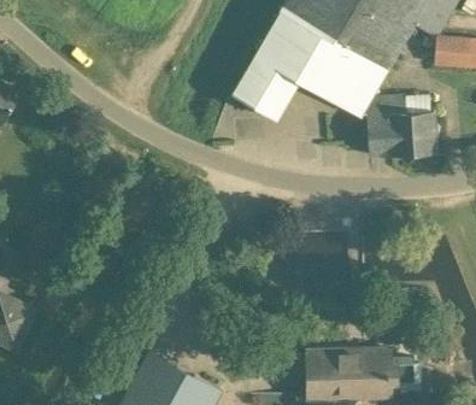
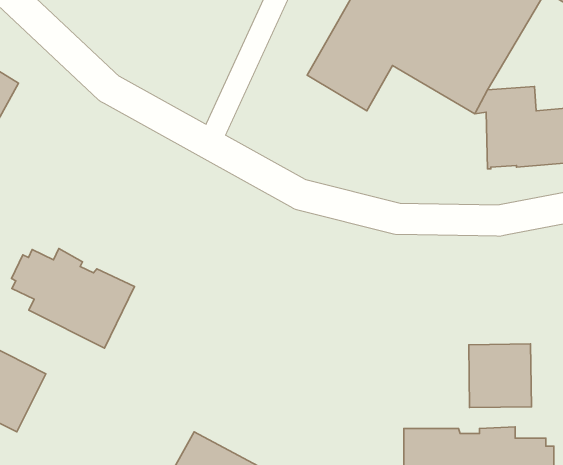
building: none -> [11,249,135,348]
building: none -> [469,344,531,408]

